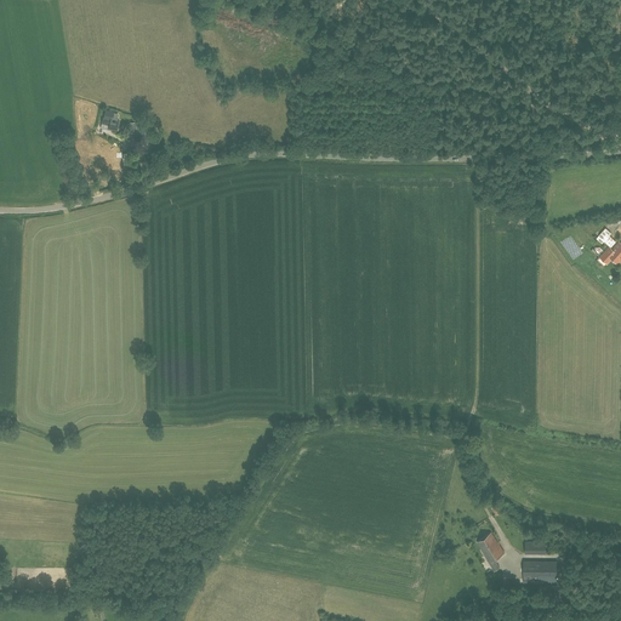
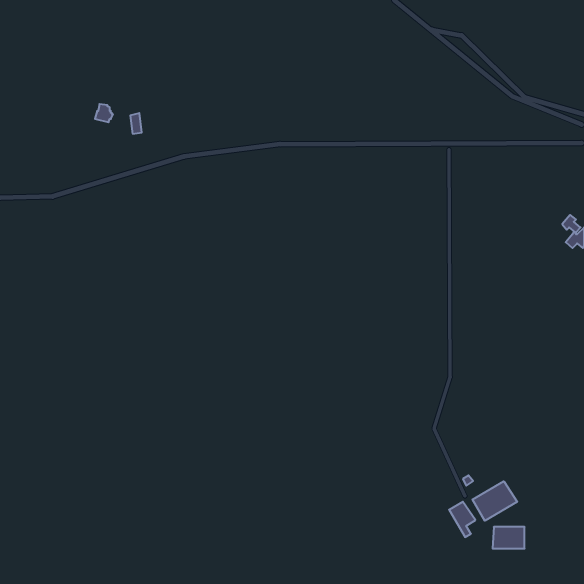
building: none -> [472,481,517,521]

